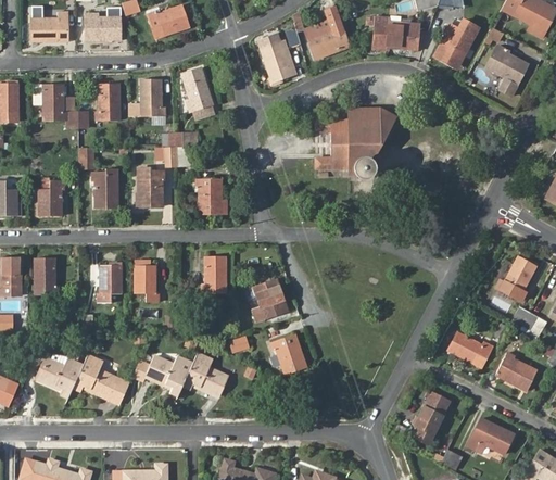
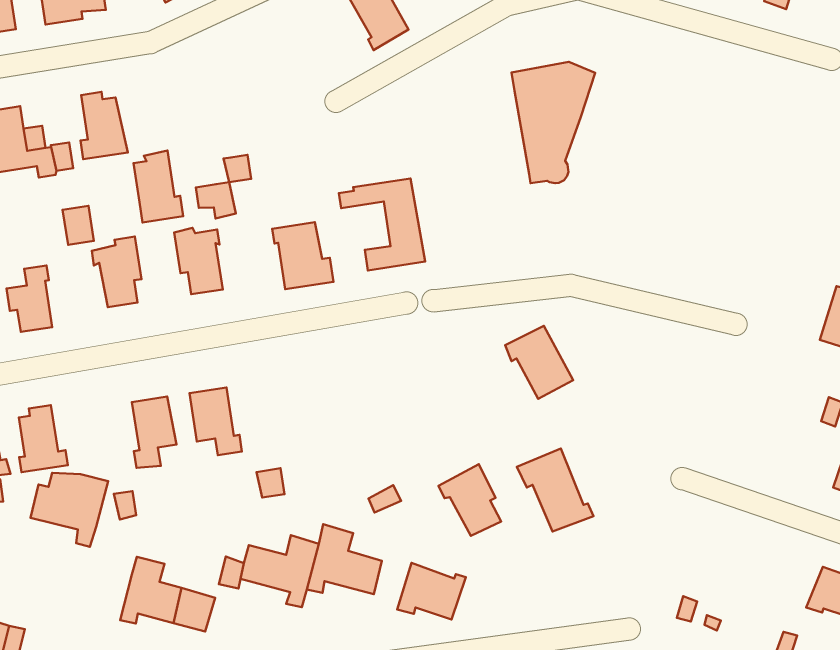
building: [180,70,214,110] -> none
building: [140,77,164,116] -> [133,150,183,223]
building: [304,119,348,168] -> [339,178,425,270]
building: [201,256,226,293] -> none
building: [251,278,287,319] -> [505,326,573,399]
building: none -> [517,449,594,532]
building: [450,330,490,367] -> none
building: [37,353,85,399] -> [31,473,108,547]
building: none -> [397,563,466,620]
building: [413,394,452,445] -> none

